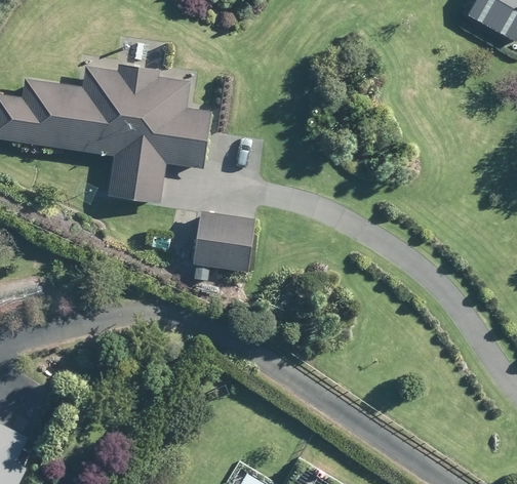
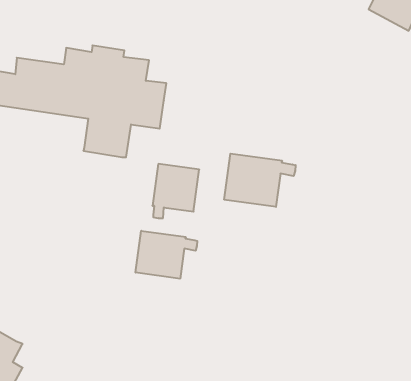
building: none -> [224,154,296,207]
building: none -> [136,231,197,279]

